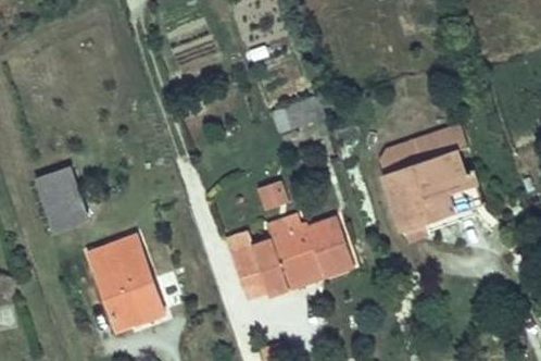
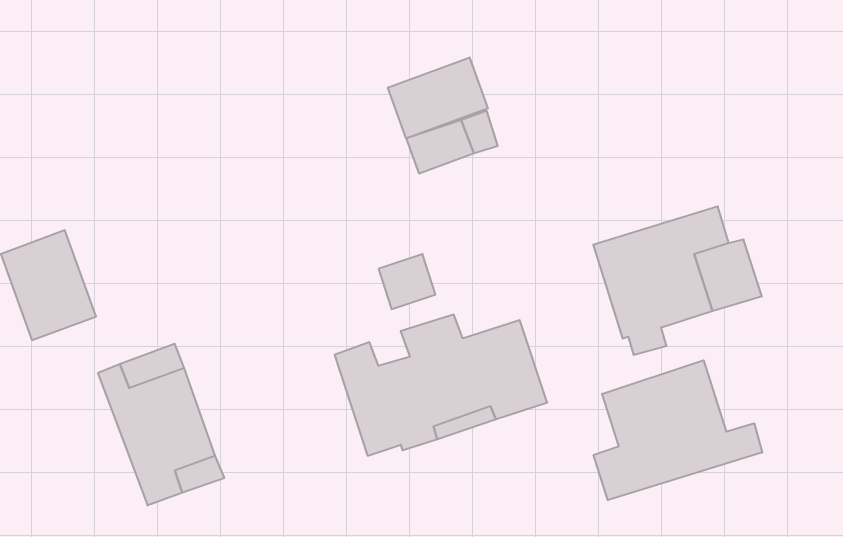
building: none -> [388,57,488,138]
building: [377,125,465,175] -> none
building: none -> [594,360,762,500]

